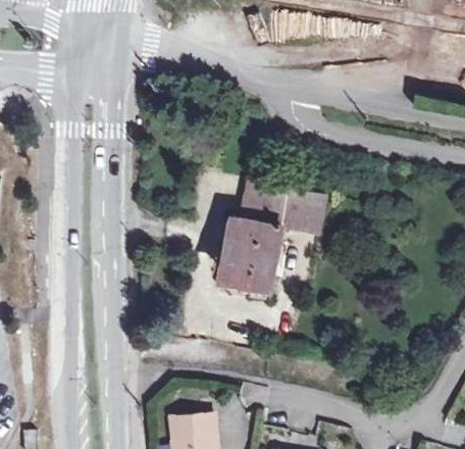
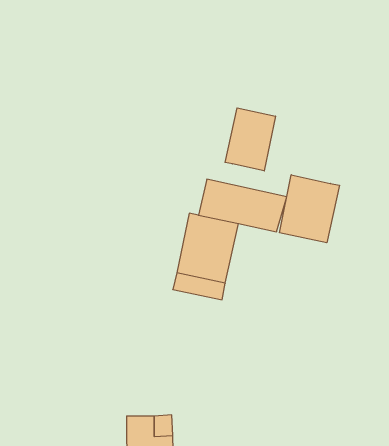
building: none -> [225,108,275,171]
building: none -> [280,175,339,243]

